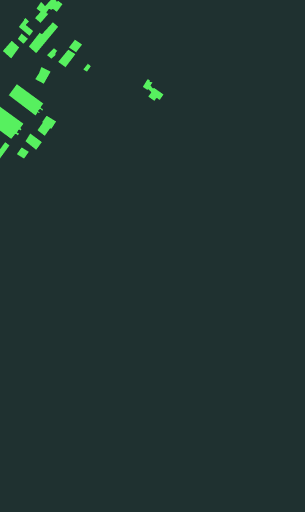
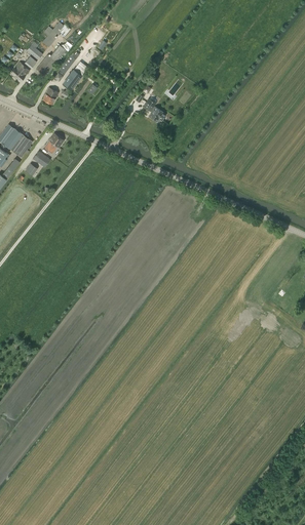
building: [8,83,44,116] -> none

